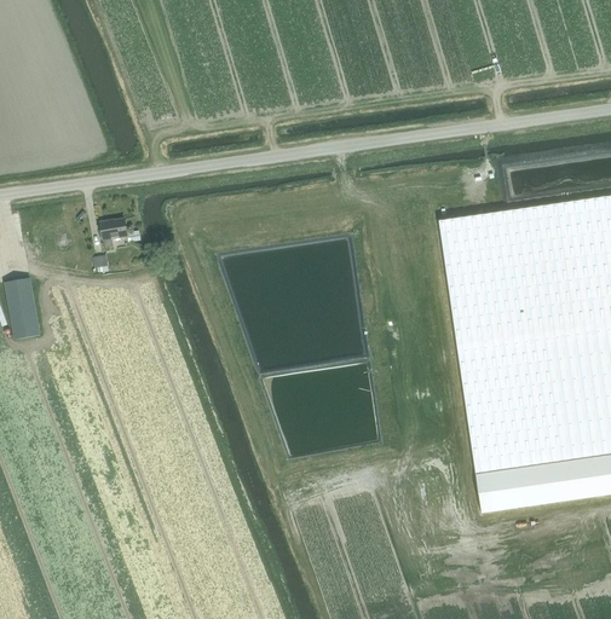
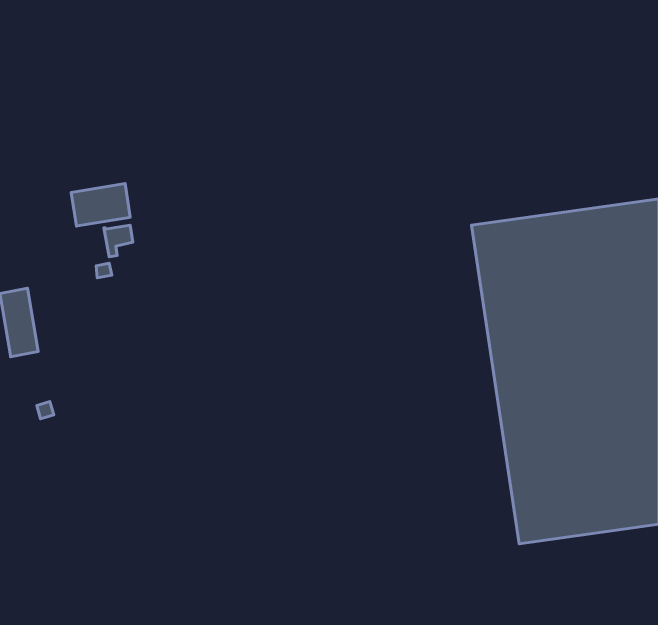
building: none -> [71,183,130,226]

